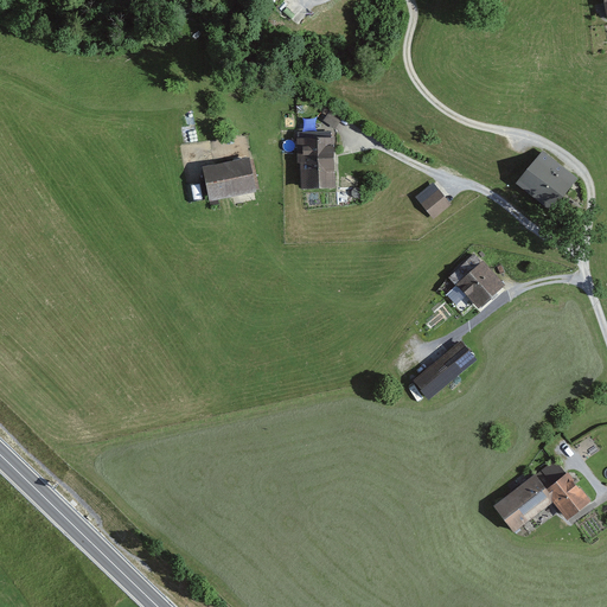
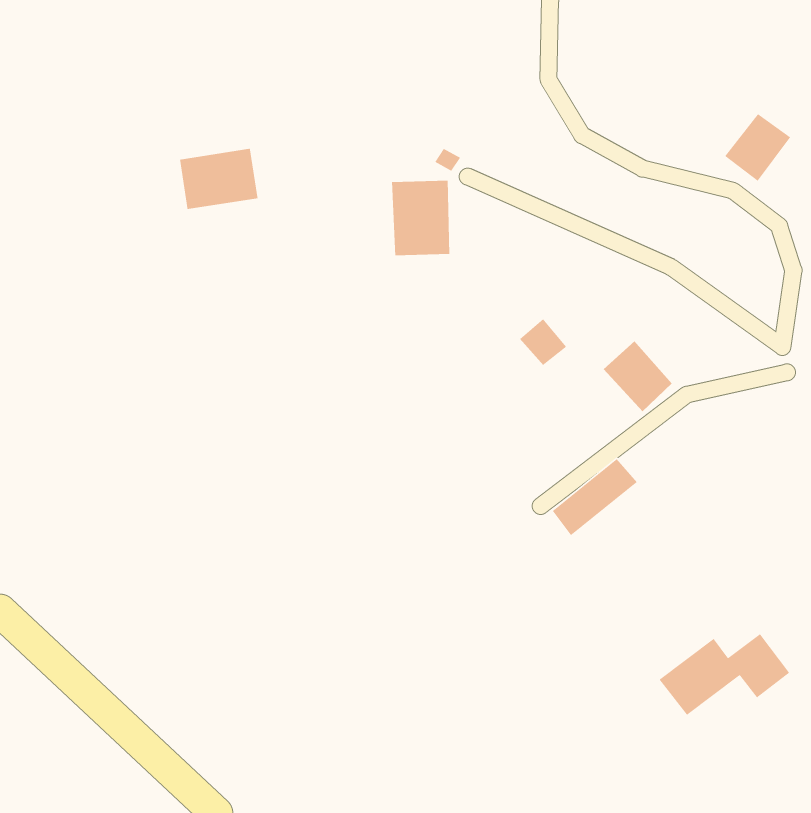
building: [517,152,567,203] -> [724,113,791,182]
building: [197,154,256,200] -> [179,148,259,210]
building: [416,181,452,217] -> [519,318,567,366]

